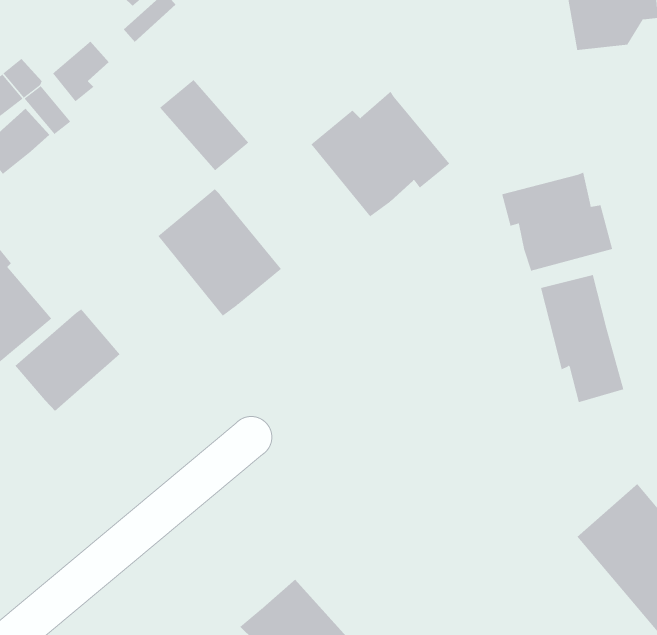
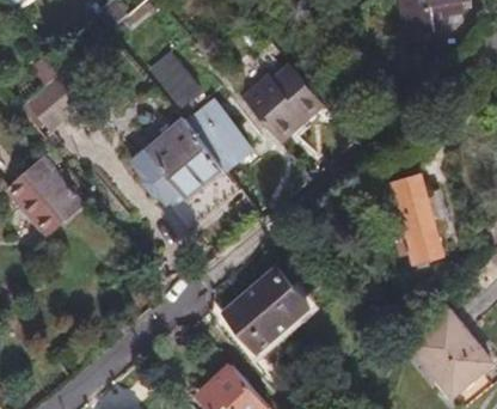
building: none -> [185,106,250,173]
building: [501,172,613,271] -> none
building: [14,308,120,412] -> none
building: none -> [228,268,312,349]

